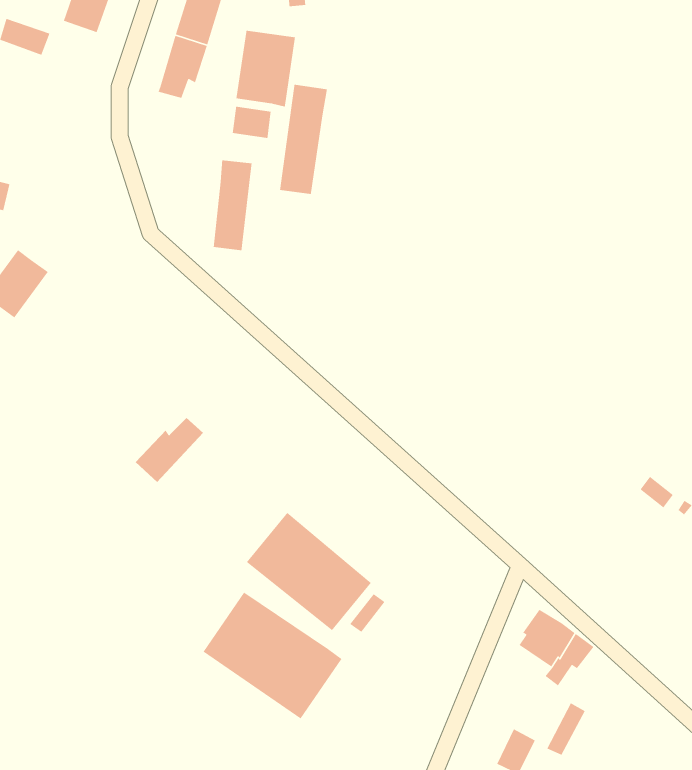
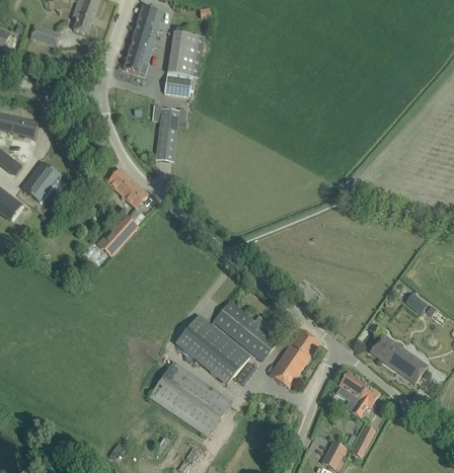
building: [279,84,328,195] -> none
building: none -> [106,168,147,208]
building: [135,417,204,483] -> [96,217,137,255]
building: none -> [213,300,278,360]
building: none -> [268,329,319,388]
building: none -> [368,333,426,383]

